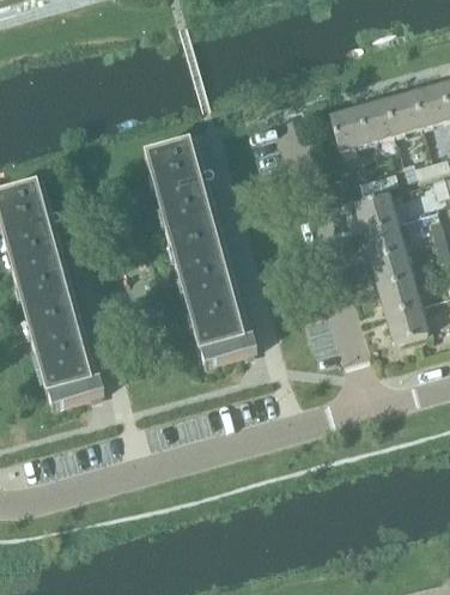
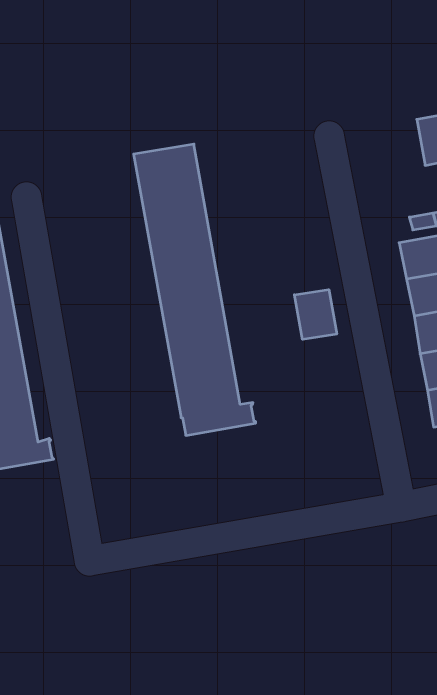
building: [330,107,369,148] -> none
building: none -> [294,290,337,339]

